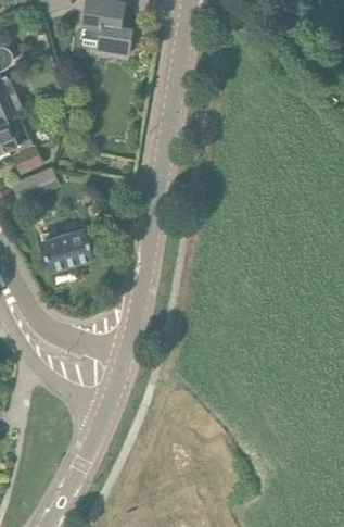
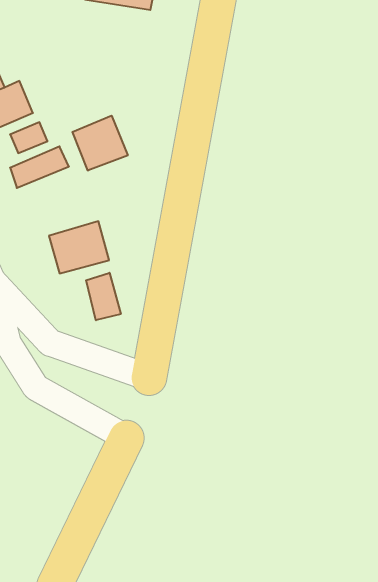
building: none -> [72,116,128,171]
building: none -> [86,273,121,320]

